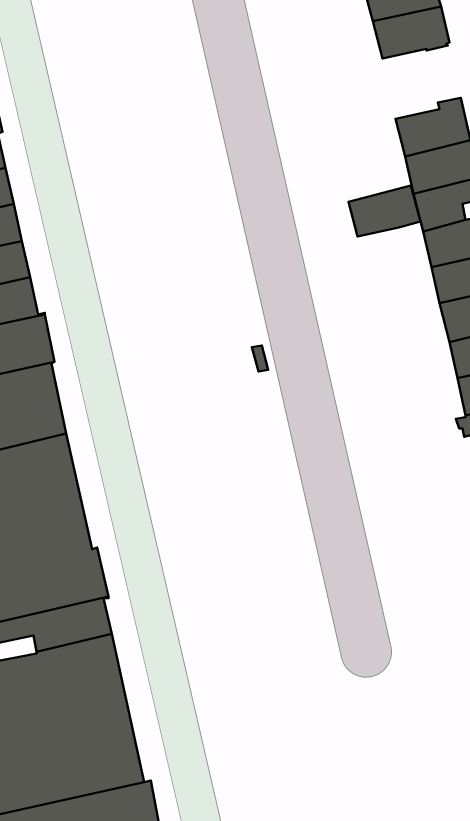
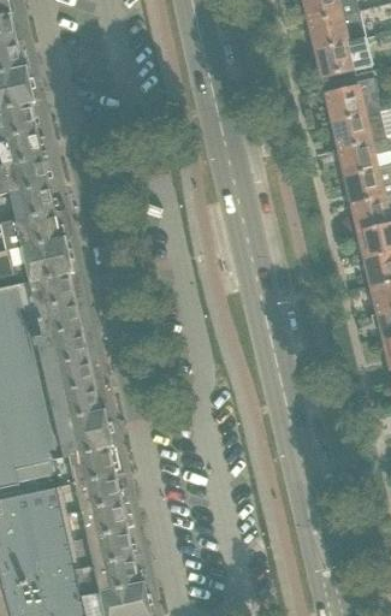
building: none -> [315,36,371,77]
building: [349,186,421,236] -> none

